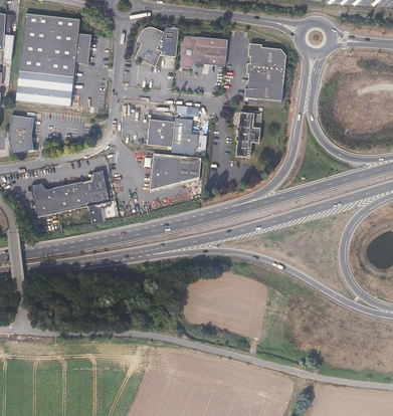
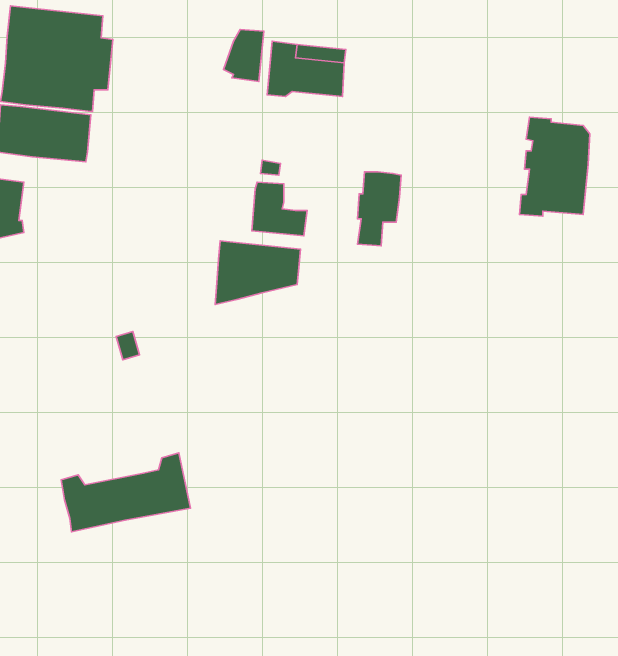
building: [133,29,160,67] -> none
building: [242,43,284,102] -> [519,117,590,216]
building: [146,120,173,147] -> none
building: [30,169,108,216] -> [61,453,190,532]

